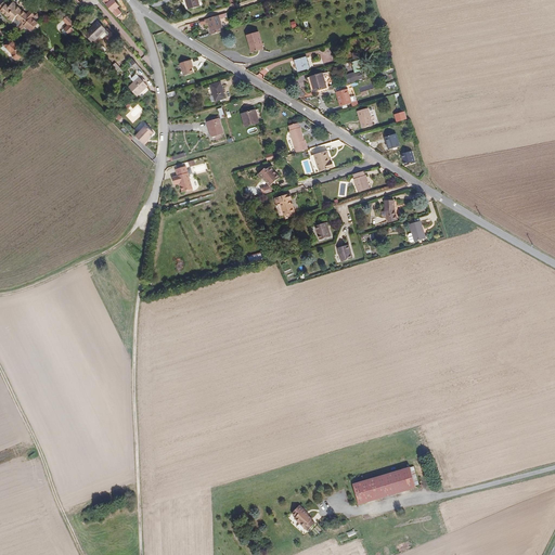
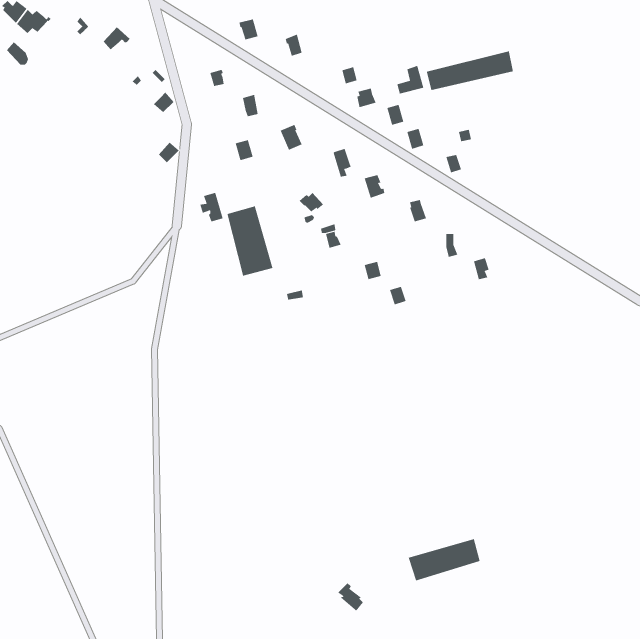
building: none -> [426,50,514,91]
building: none -> [227,205,273,277]

